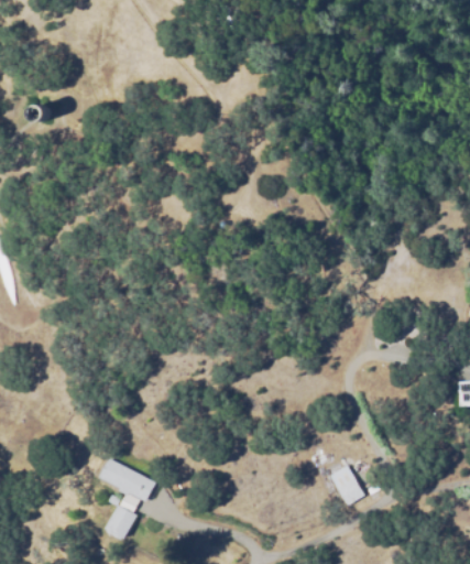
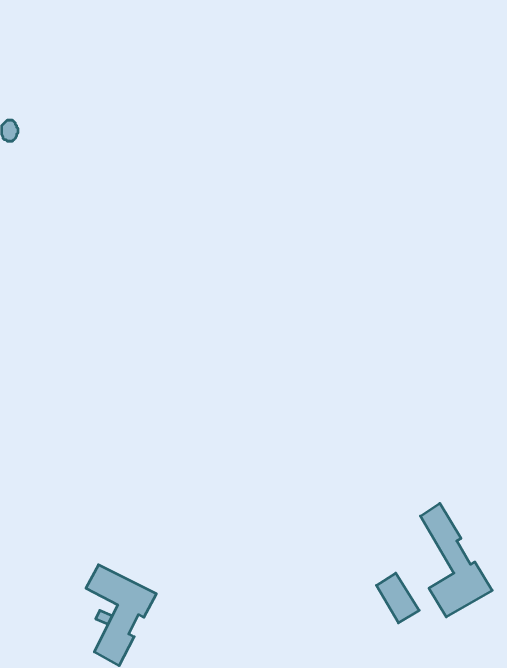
building: none -> [420,503,492,617]

